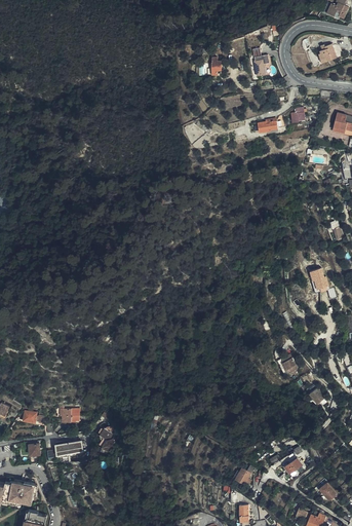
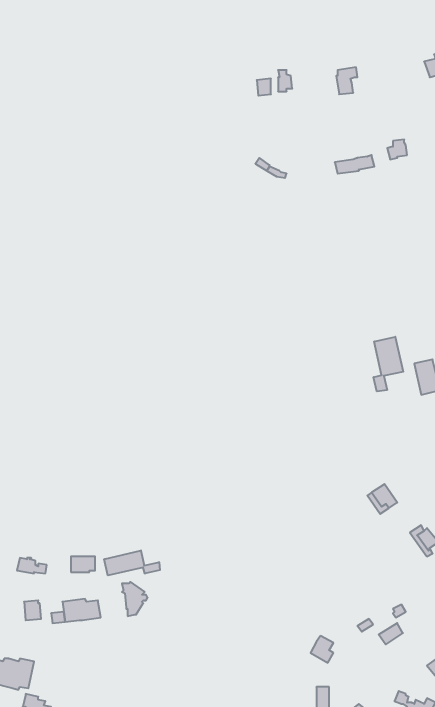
building: none -> [374,337,403,391]
building: none -> [104,550,160,575]

